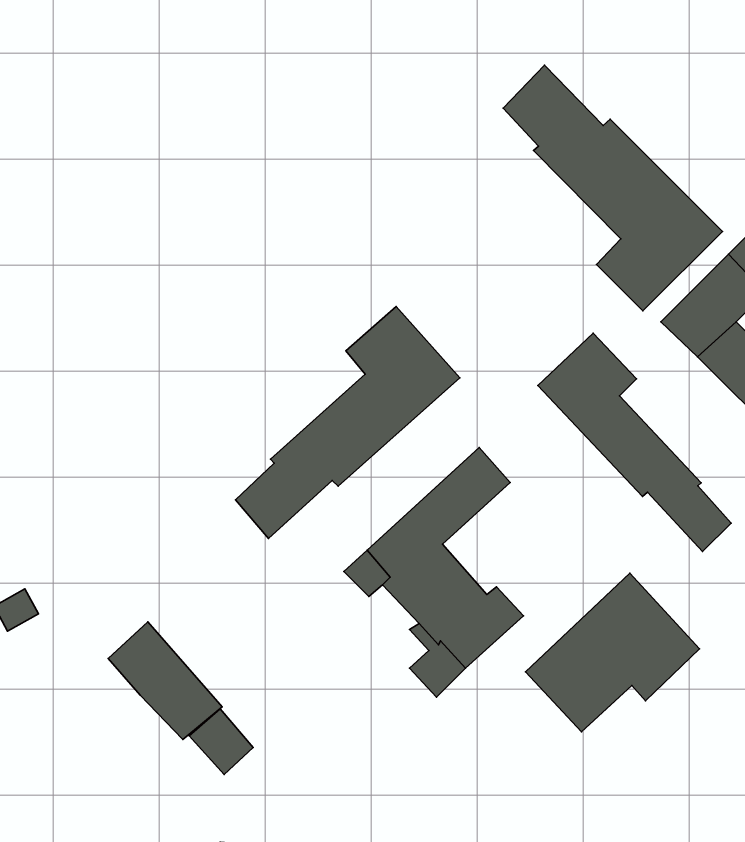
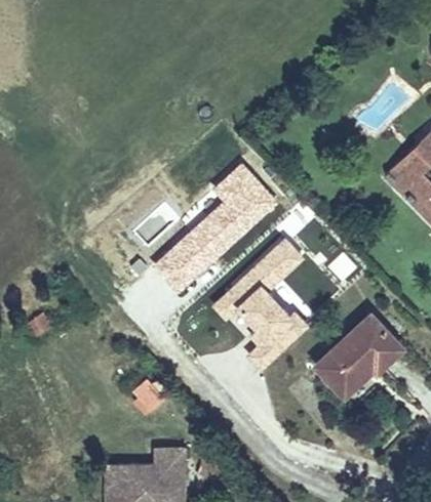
building: [503,65,722,311] -> none
building: [538,333,731,552] -> none
building: [108,622,222,739] -> none

